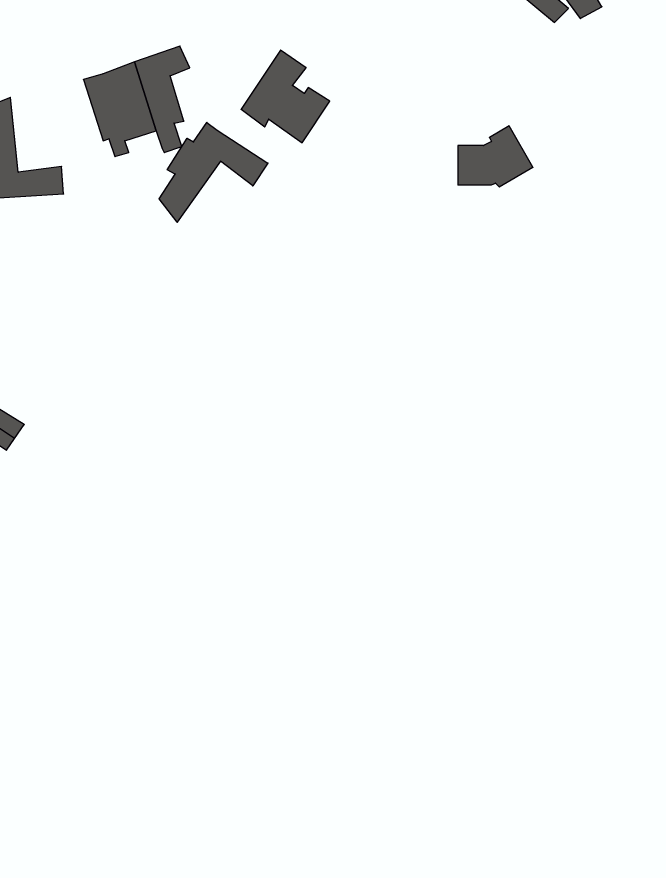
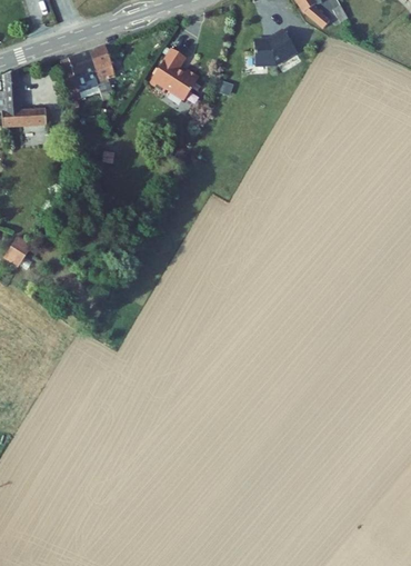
building: [159,122,268,222] -> none
building: [458,126,533,187] -> [254,27,297,61]

